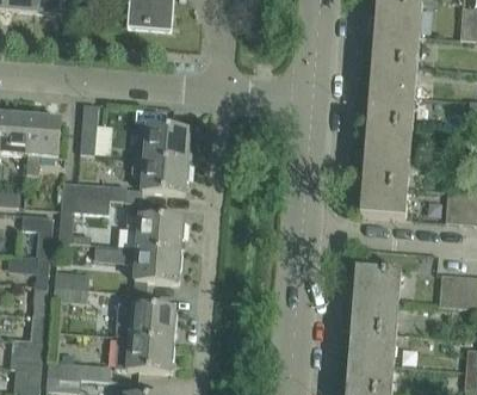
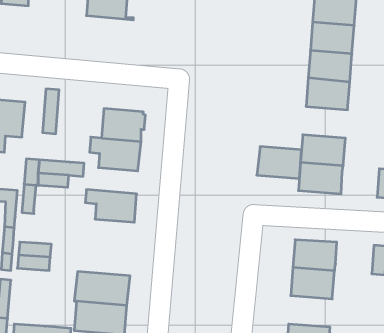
building: [364,123,413,158] -> [257,147,302,178]
building: [123,246,180,283] -> none
building: [348,329,396,364] -> none

